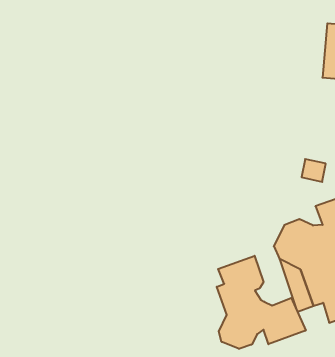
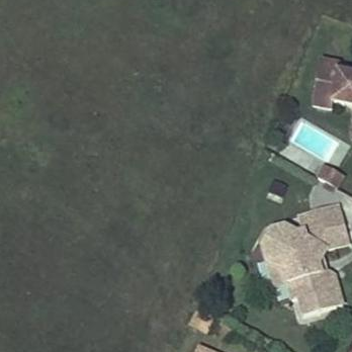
building: [217,256,306,349] -> none

